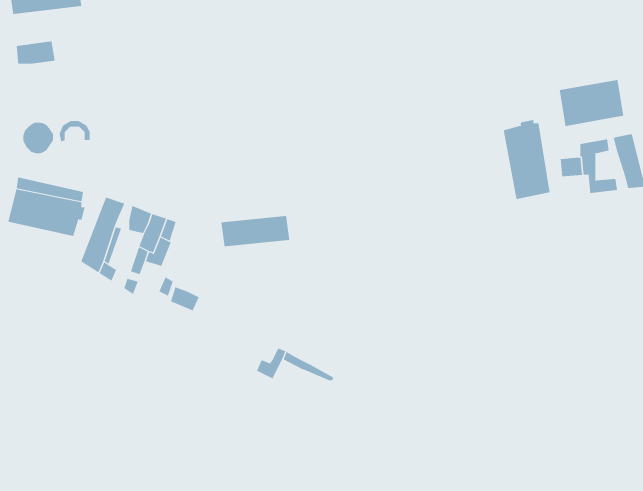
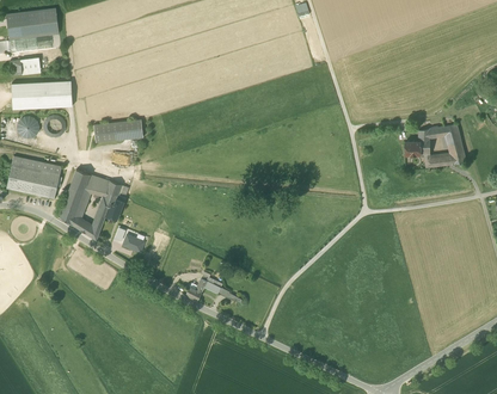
building: none -> [12,80,73,109]
building: [559,79,624,127] -> none
building: [503,119,550,200] -> none
building: [221,215,290,247] -> [93,119,143,142]

